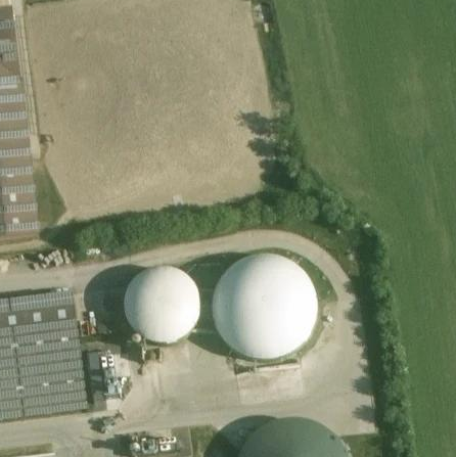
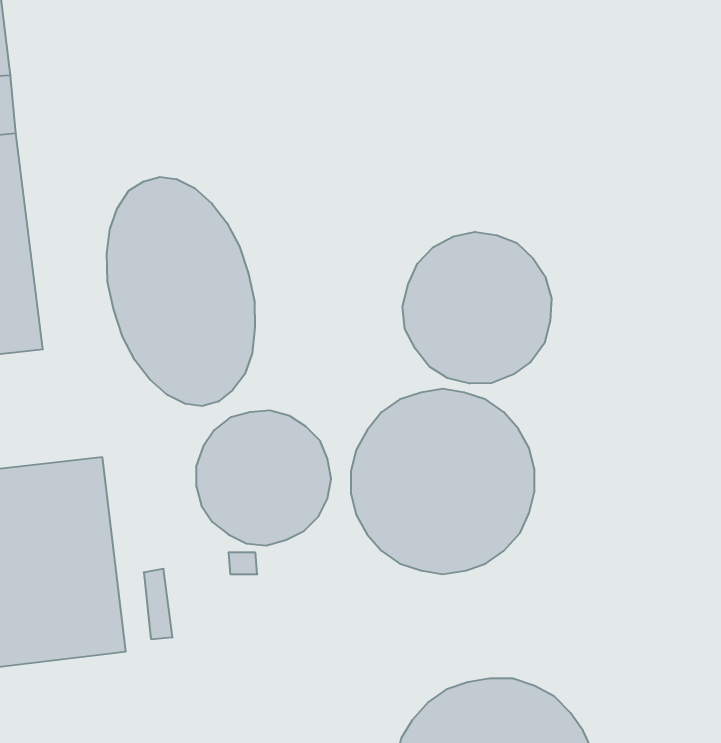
building: none -> [107,177,255,406]
building: none -> [402,232,552,384]

